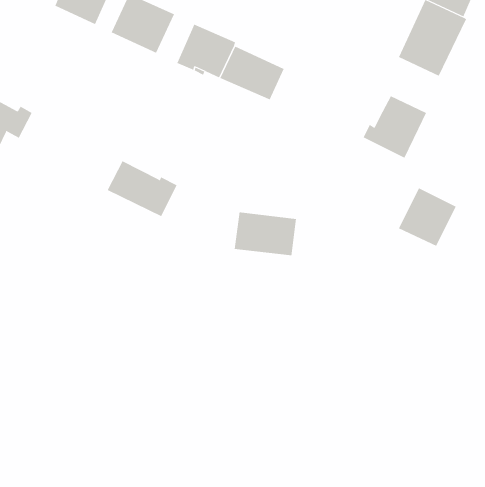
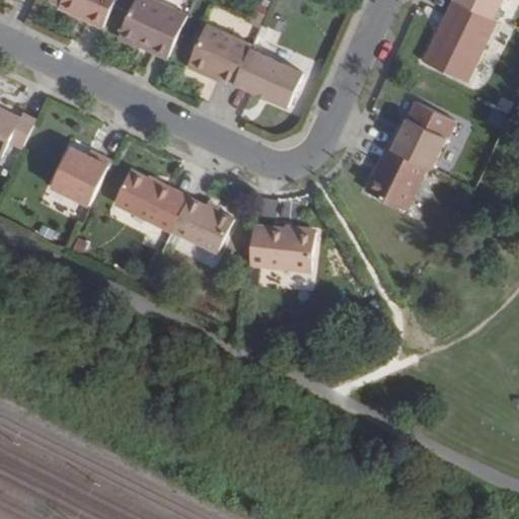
building: none -> [51,146,110,205]
building: none -> [171,197,233,252]
building: [398,187,457,247] -> [364,146,426,209]

